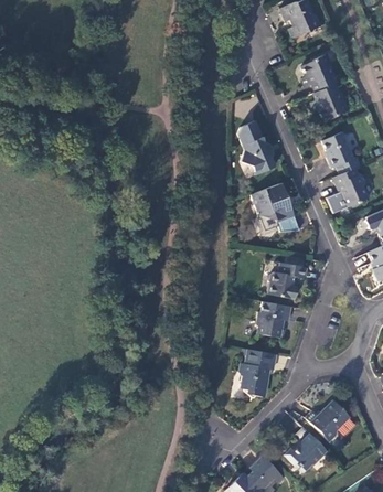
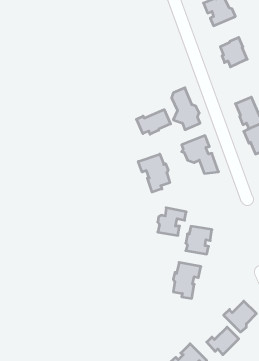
building: [312,83,349,120] -> none
building: none -> [136,110,171,134]
building: none -> [138,154,170,192]
building: [269,261,307,298] -> [158,208,186,235]

